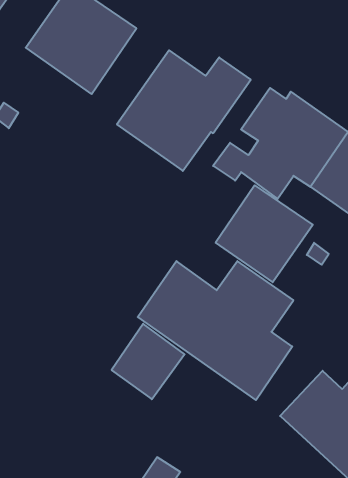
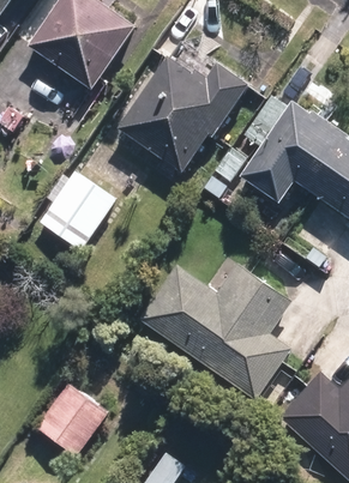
building: none -> [40,170,115,248]
building: [216,185,313,282] -> none
building: [112,324,185,399] -> [30,386,102,460]

